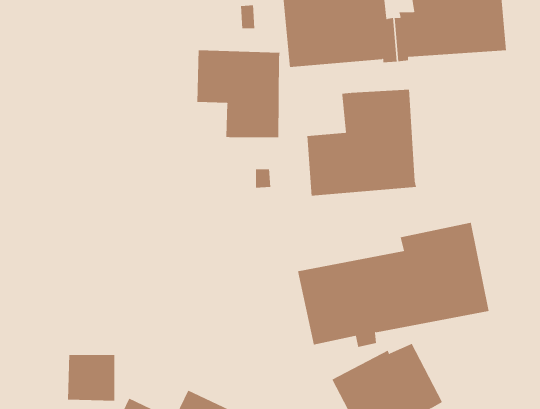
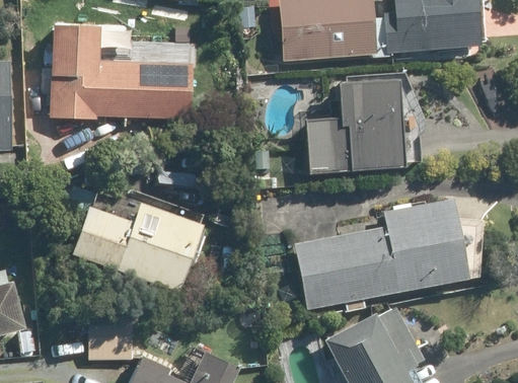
building: none -> [50,25,192,119]
building: [197,49,280,138] -> none
building: none -> [74,201,206,292]

